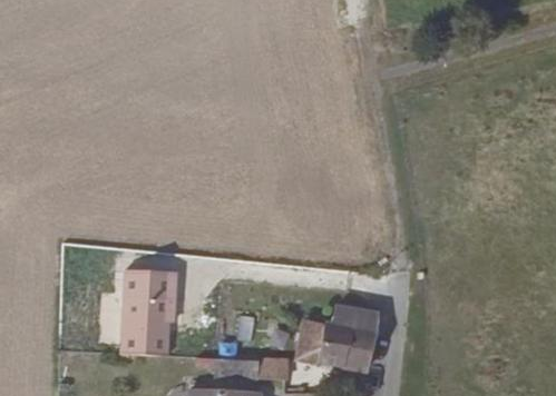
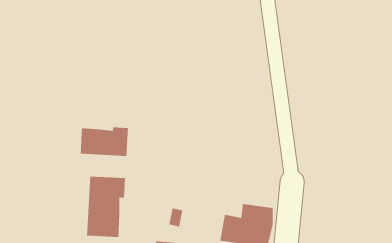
building: none -> [80,126,129,157]

